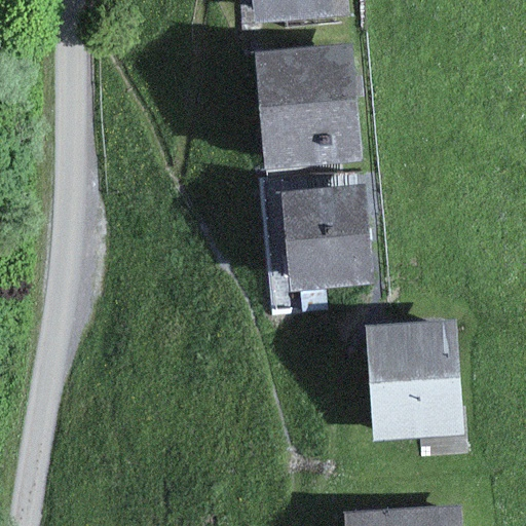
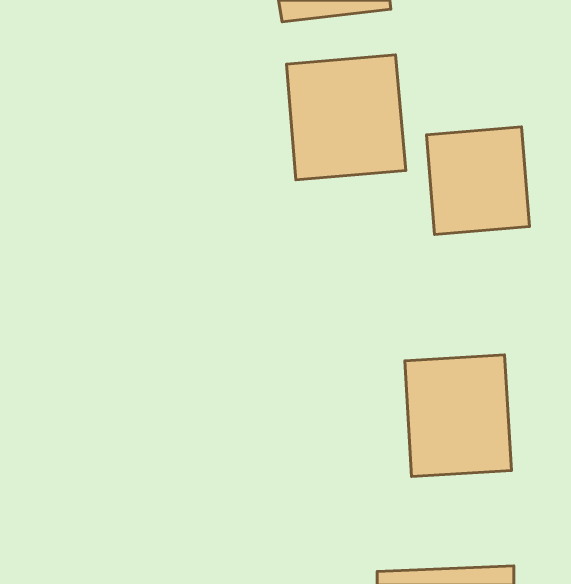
building: [284,189,376,286] -> [426,127,530,235]

